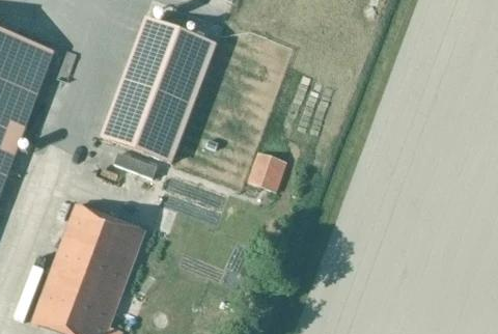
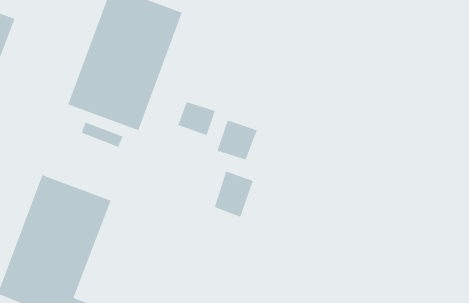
building: none -> [177,101,216,136]
building: none -> [214,171,254,218]

